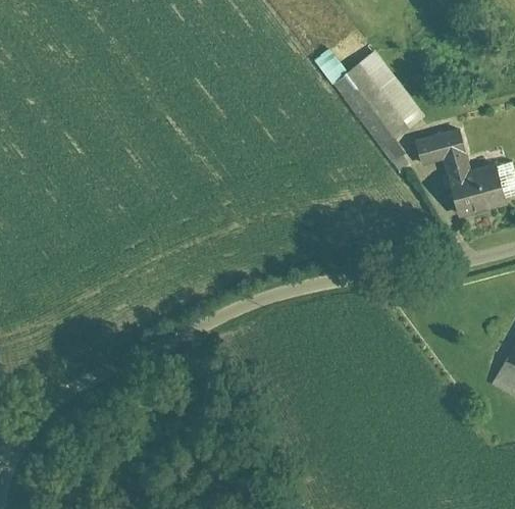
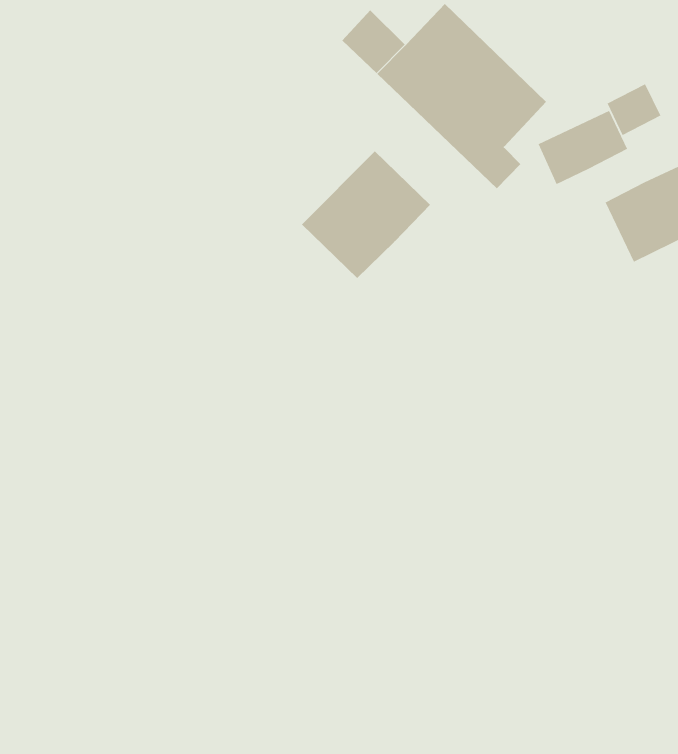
building: none -> [301,151,431,279]
building: [443,151,473,180] -> [606,83,661,136]

